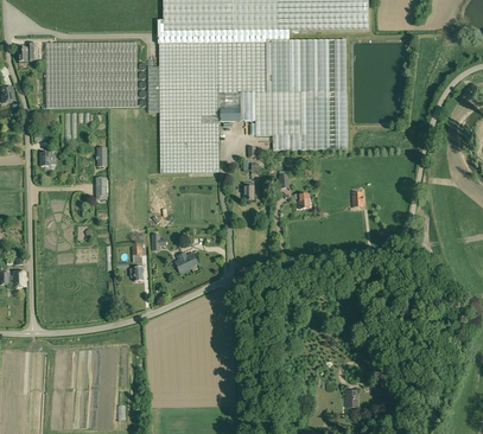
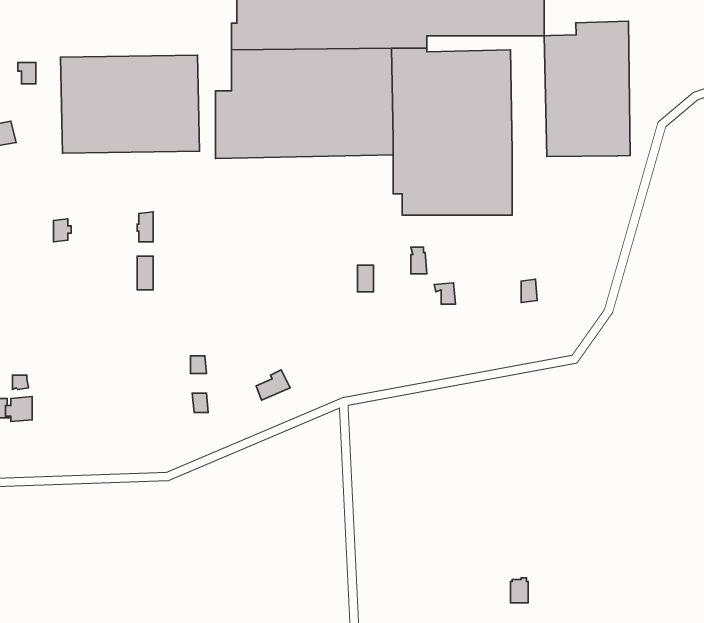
building: none -> [544,21,630,157]
building: [148,109,267,173] -> none

